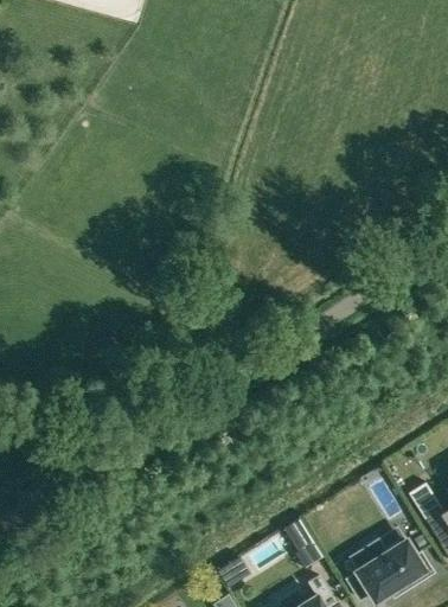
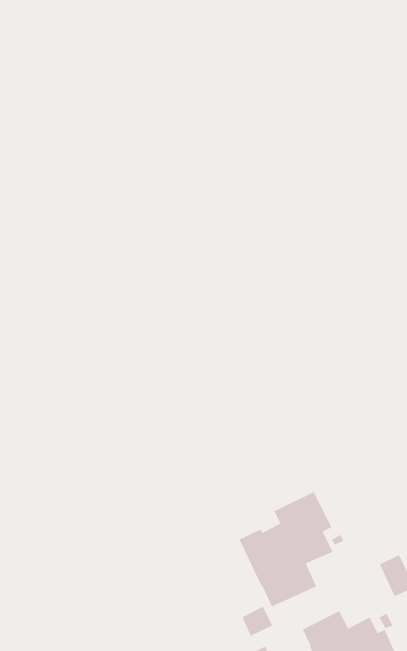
building: none -> [239,491,334,607]

